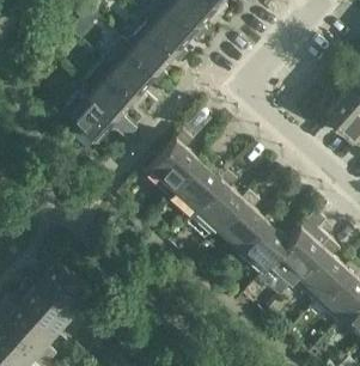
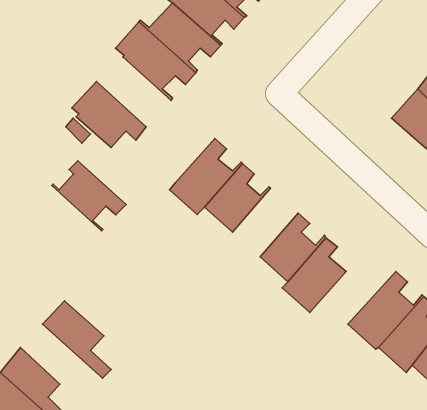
building: [85,66,146,123] -> [52,161,126,231]
building: [195,173,250,231] -> none
building: [260,221,330,287] -> none
building: [23,285,90,337] -> none

